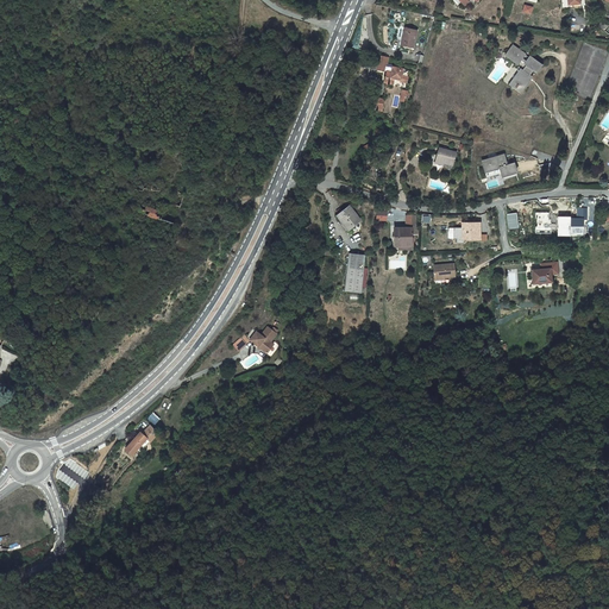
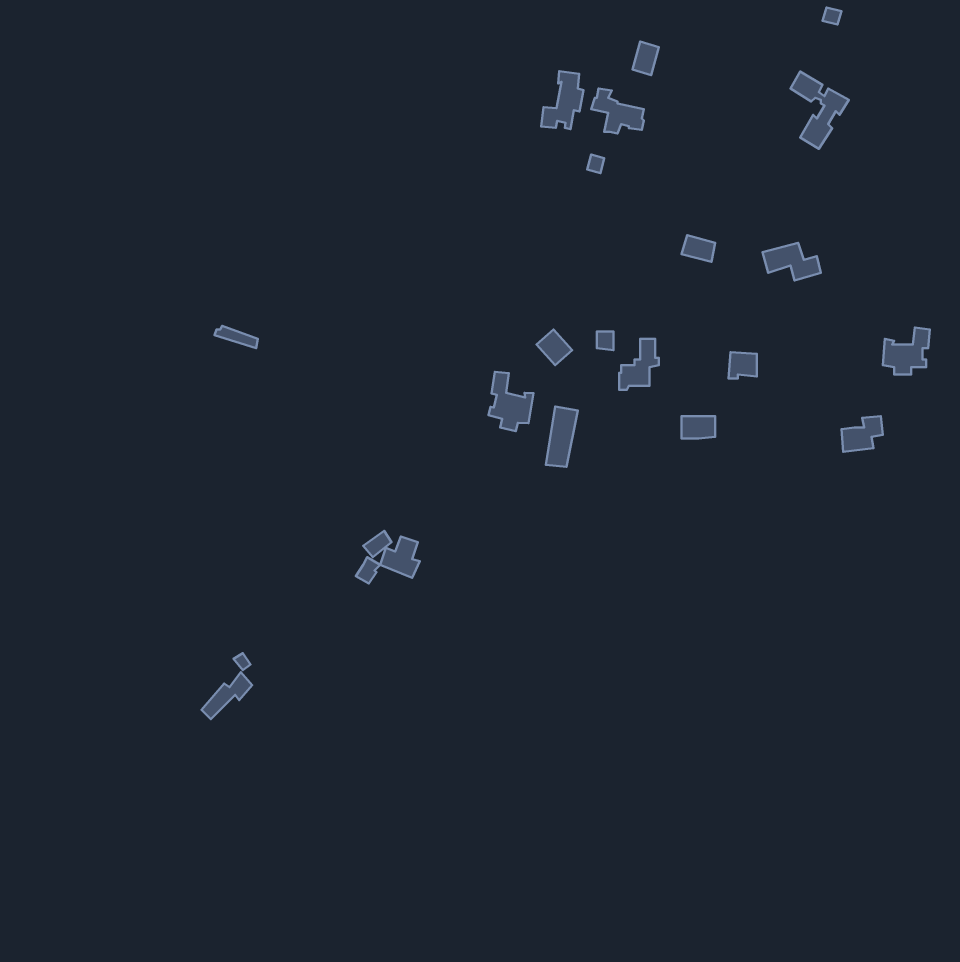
building: none -> [541,71,584,129]
building: none -> [489,372,534,431]

